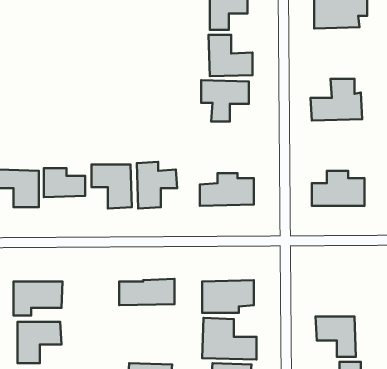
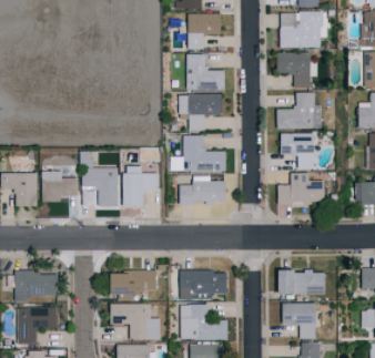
building: none -> [275,53,317,89]
building: none -> [280,134,314,171]
building: none -> [184,135,225,172]
building: none -> [275,268,325,294]
building: none -> [110,303,161,339]

